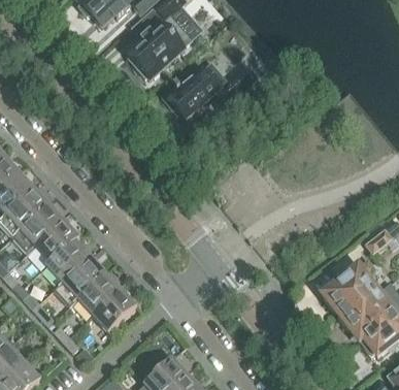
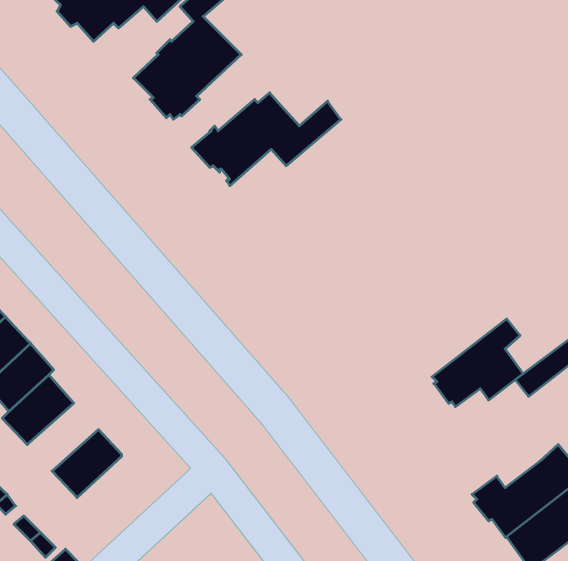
building: [53,255,104,304] -> none
building: [322,257,378,312] -> [432,319,523,407]
building: [91,288,134,330] -> none

